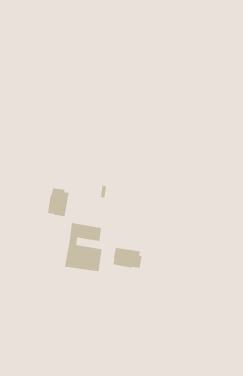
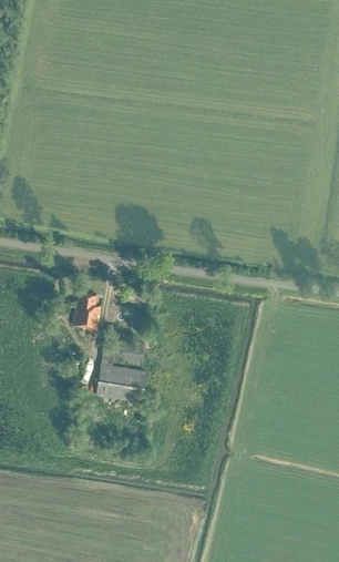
building: [113,247,142,268] -> none

